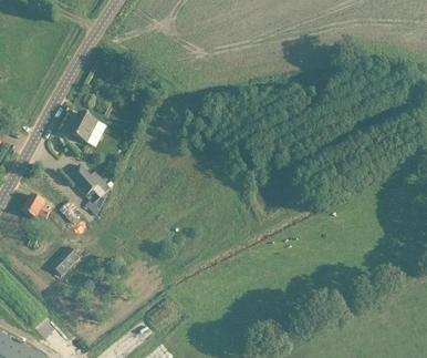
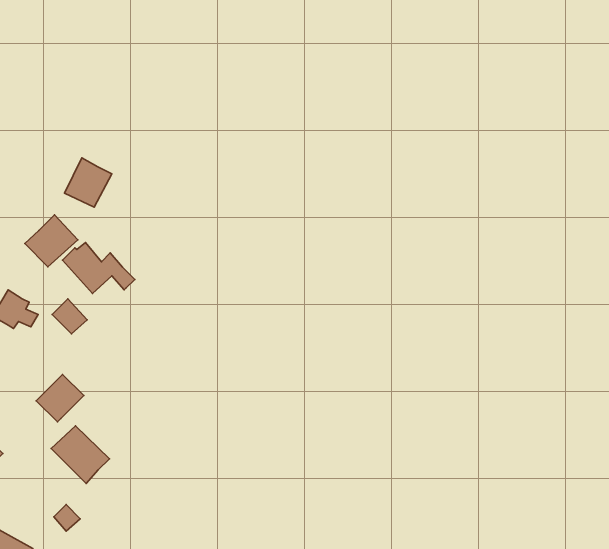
building: none -> [25,215,78,267]
building: none -> [51,426,109,484]

